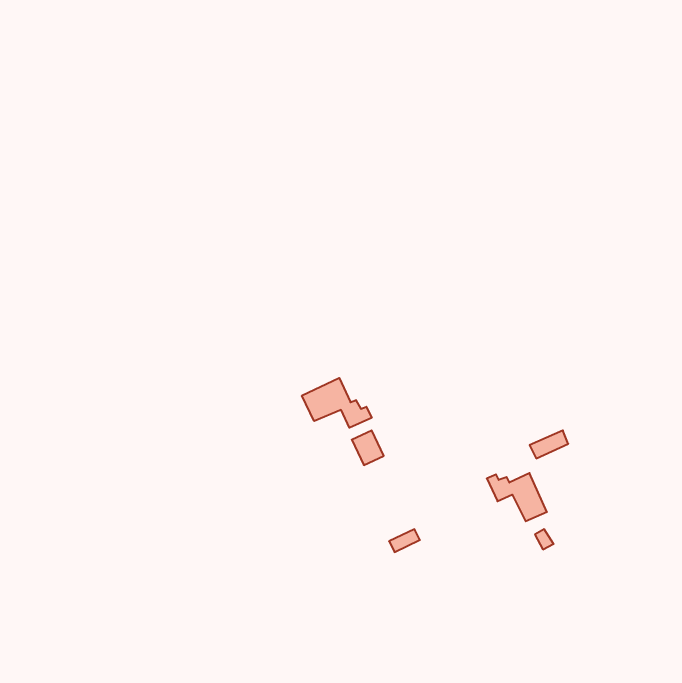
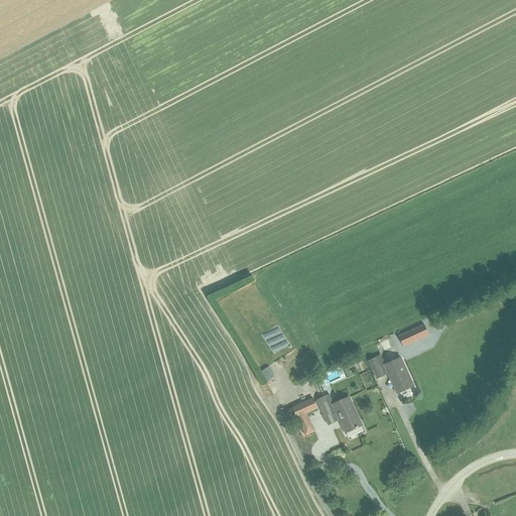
building: [302,378,372,428] -> none
building: none -> [316,394,362,433]

